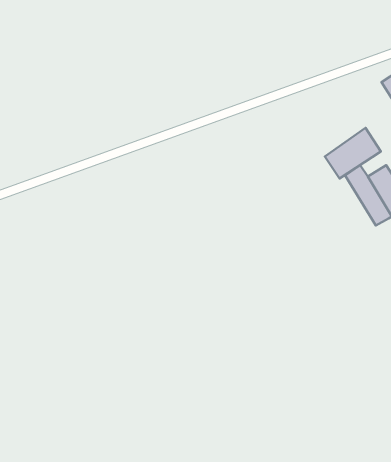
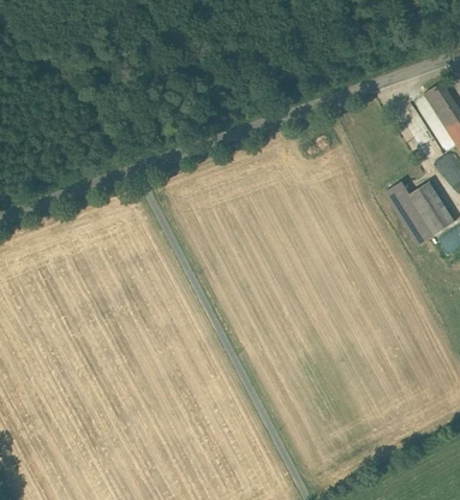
building: [325,128,381,178] -> none

